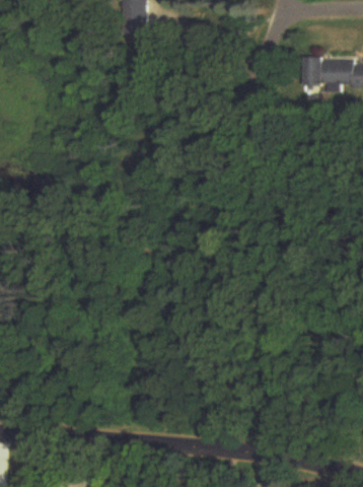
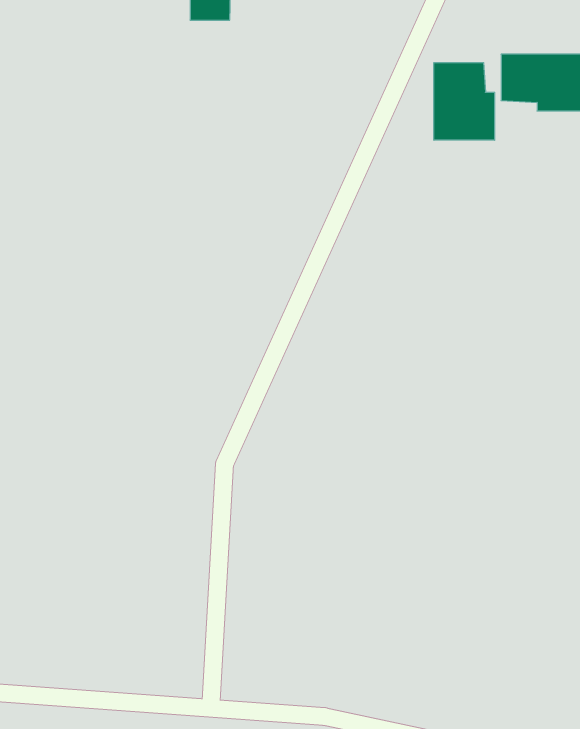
building: none -> [434,63,495,140]

